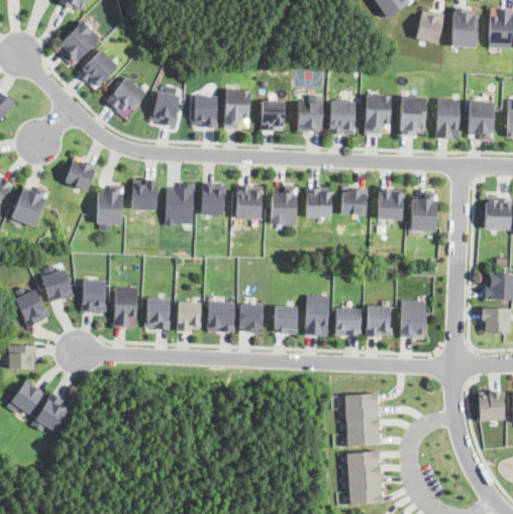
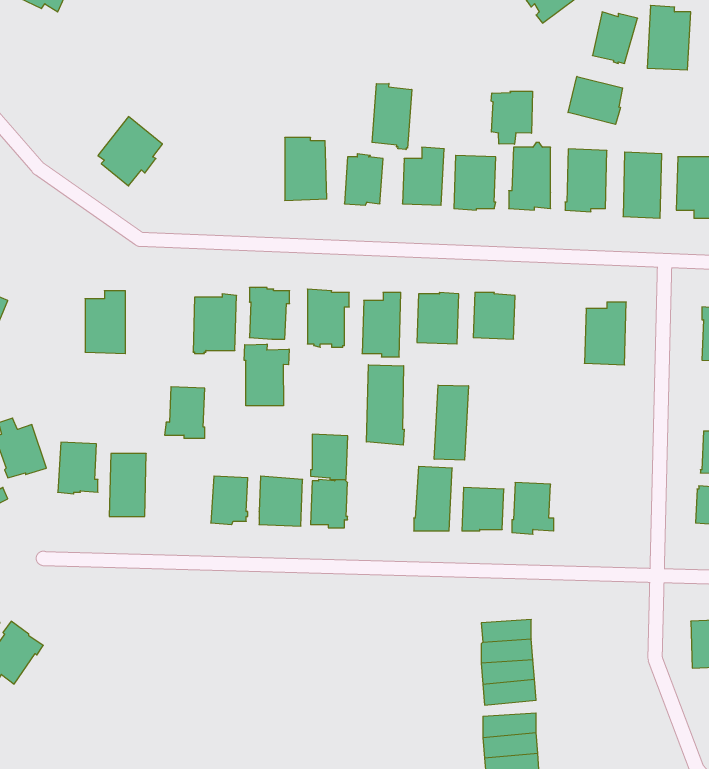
building: [59,20,100,67] -> none
building: [78,48,118,90] -> none
building: none -> [568,76,623,124]
building: none -> [372,83,412,150]
building: none -> [491,91,532,144]
building: [147,85,179,125] -> none
building: [192,94,216,126] -> none
building: [64,153,98,191] -> none
building: [131,181,159,208] -> none
building: [377,187,403,220] -> none
building: none -> [244,344,289,406]
building: none -> [366,365,404,445]
building: none -> [434,385,468,460]
building: [143,297,169,329] -> [165,387,205,438]
building: [399,300,426,339] -> none
building: [274,305,297,333] -> [311,434,348,479]

